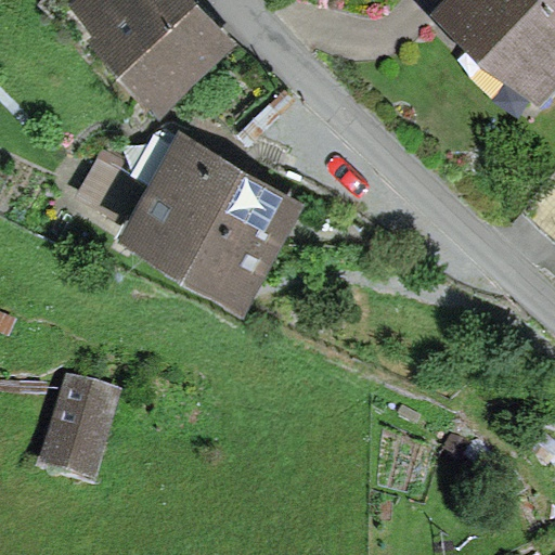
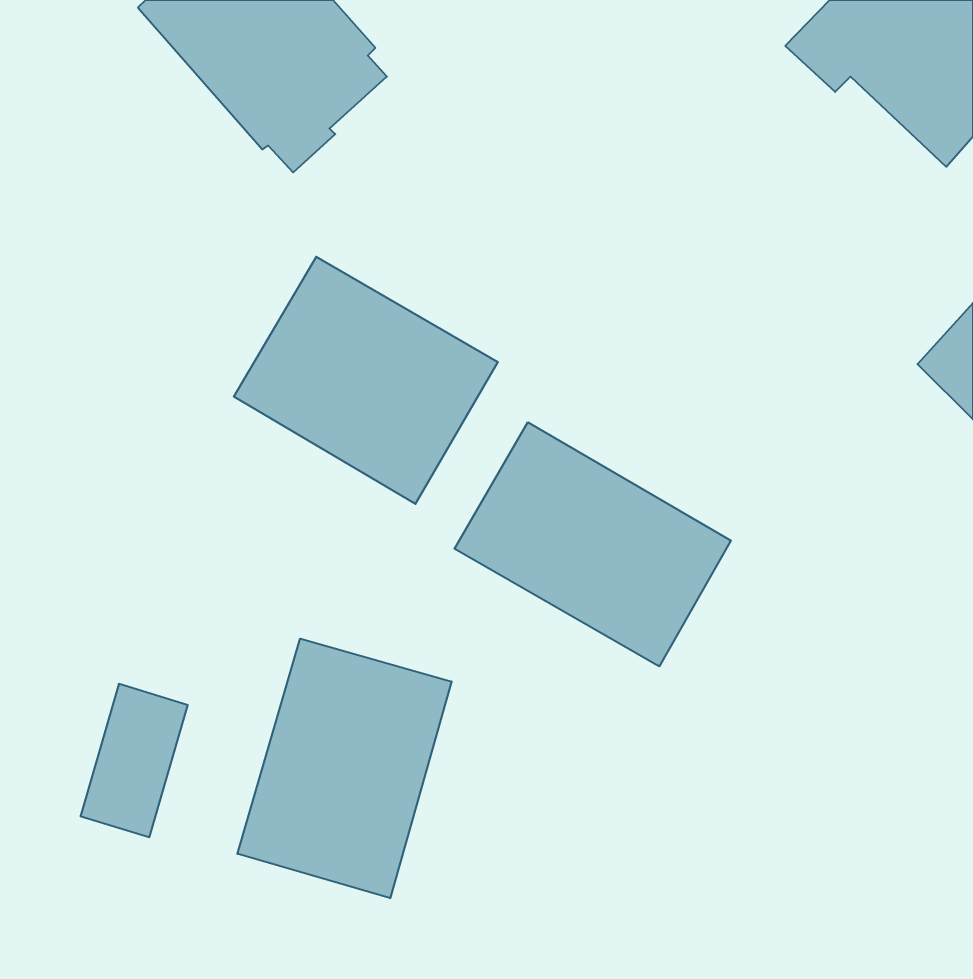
building: none -> [454,422,731,666]
building: none -> [237,639,452,898]

